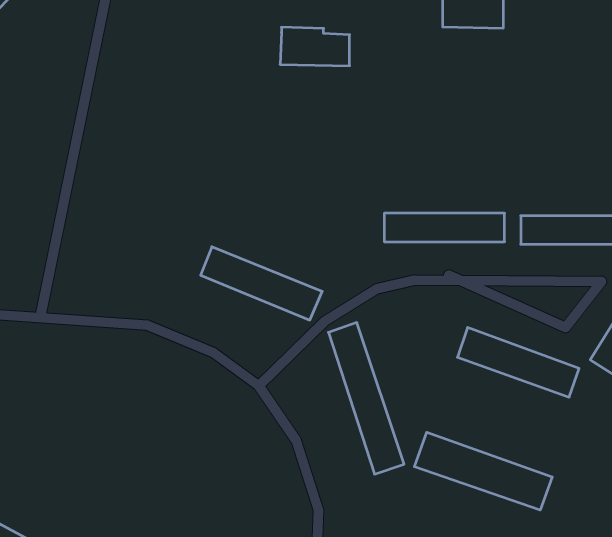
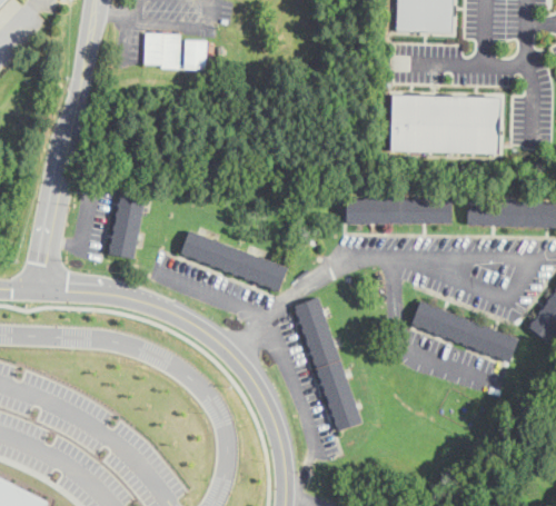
building: [280,27,350,66] -> [145,34,207,69]
building: none -> [388,95,496,153]
building: none -> [108,186,148,260]
building: [414,432,552,510] -> none

